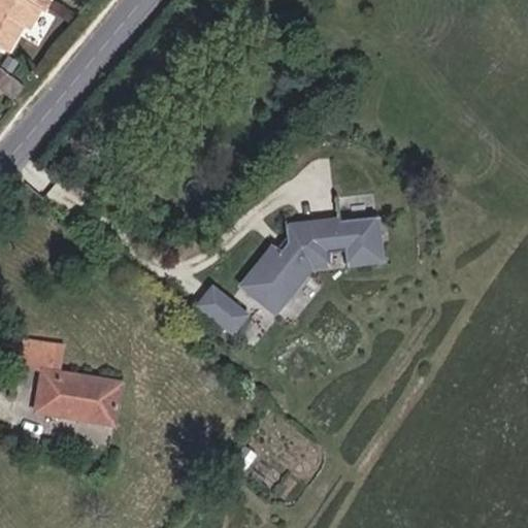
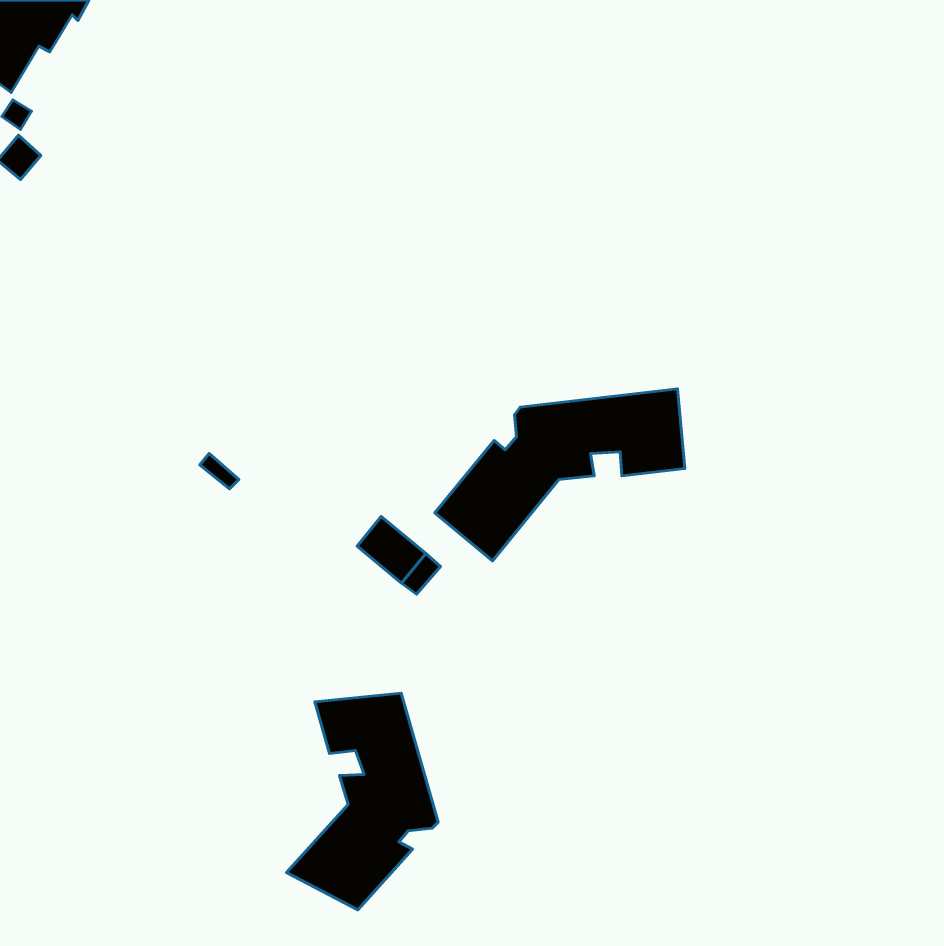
building: [19,340,121,425] -> none
building: none -> [287,693,438,910]

